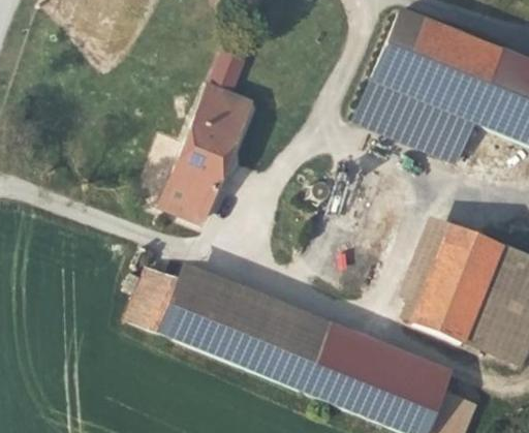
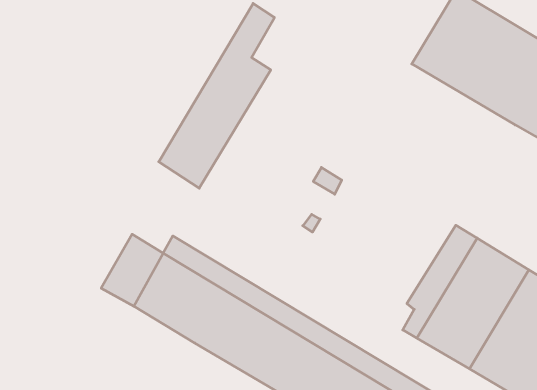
building: [356,83,471,162] -> none

